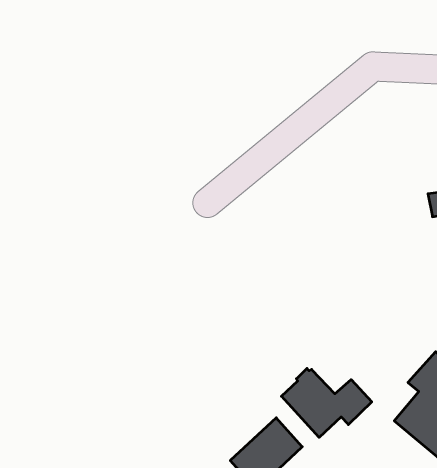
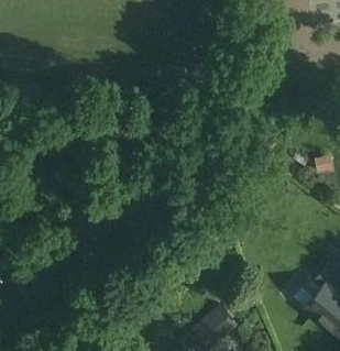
building: [281,368,372,437] -> none

